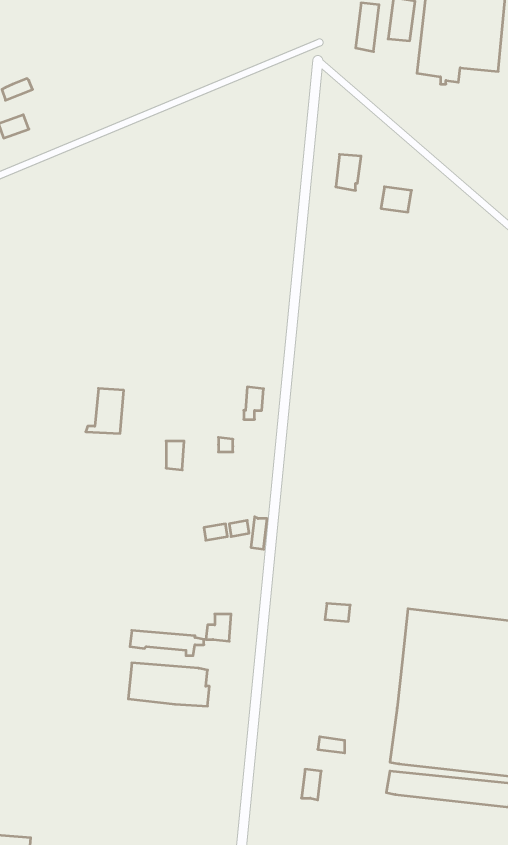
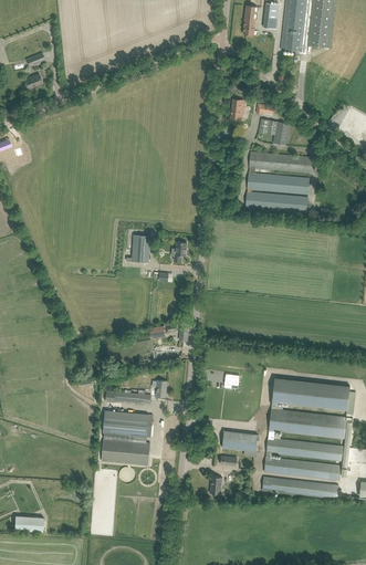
building: none -> [244,151,311,212]
building: [86,388,124,433] -> [126,234,149,262]
building: none -> [221,430,257,451]
building: none -> [101,432,149,465]

